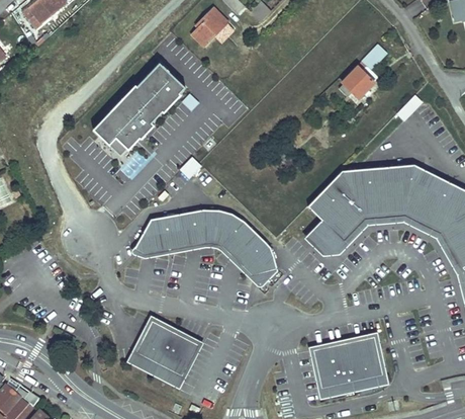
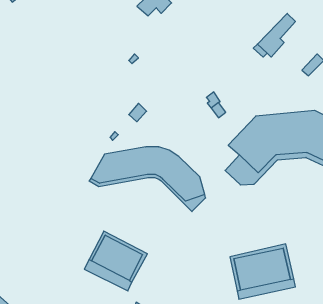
building: [94,63,185,156] -> none

